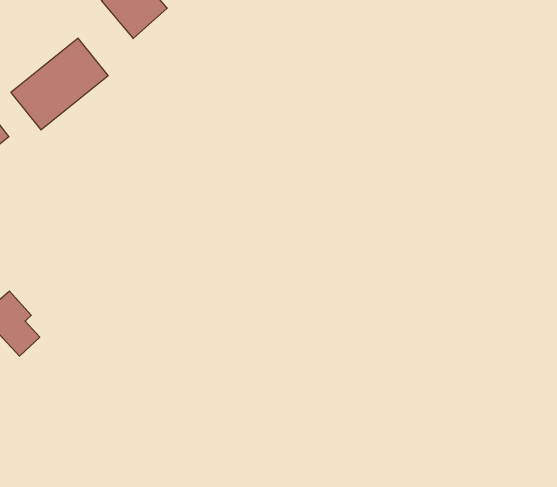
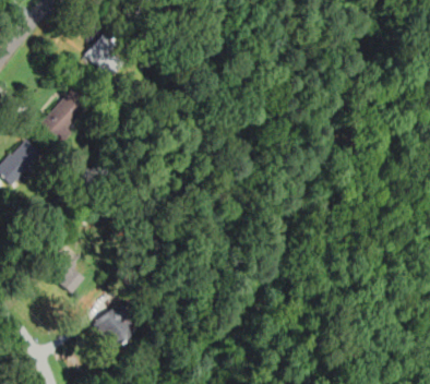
building: none -> [93,304,131,345]

